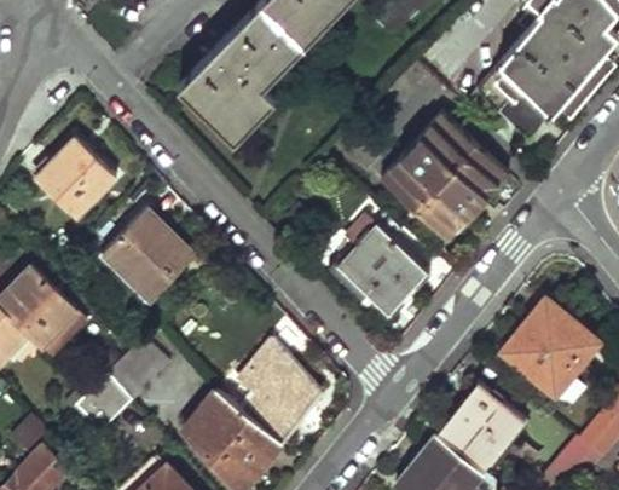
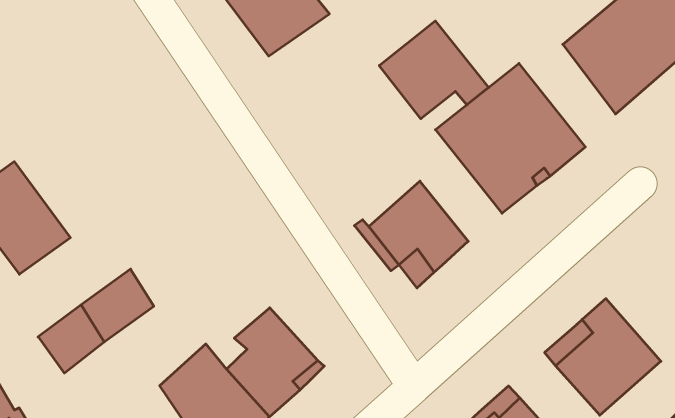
building: none -> [379,21,489,119]
building: [37,136,120,217] -> none
building: [102,209,186,299] -> none

